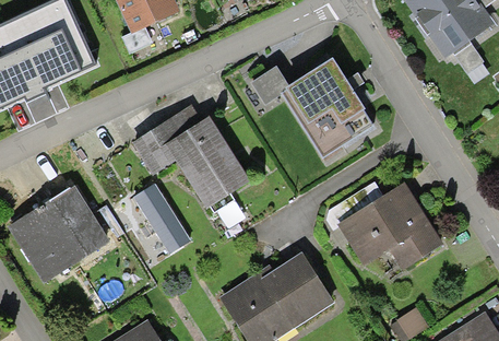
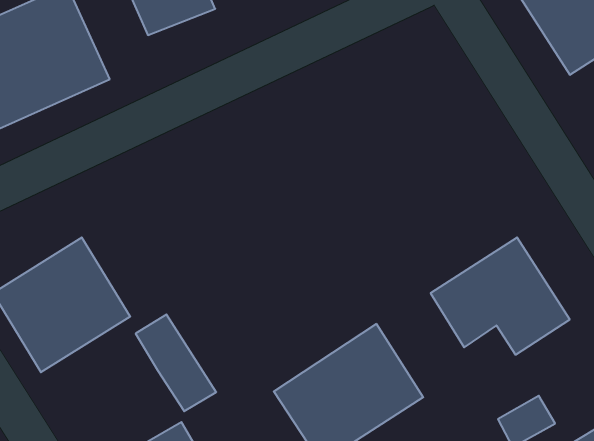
building: [245,58,379,162] -> none
building: [136,103,256,205] -> none
building: [136,180,197,252] -> [136,314,216,411]

